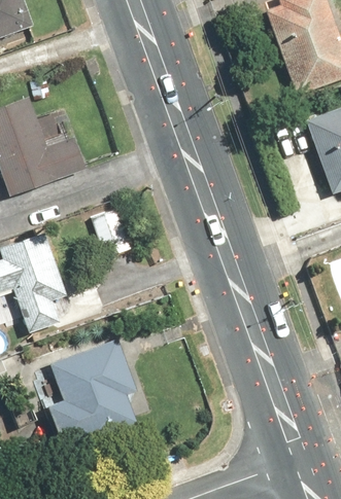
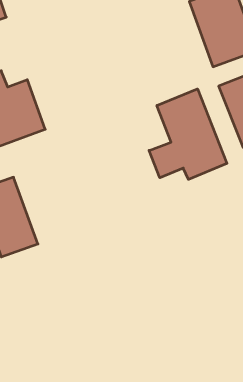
building: none -> [149,89,227,179]
building: [50,340,141,452] -> none

